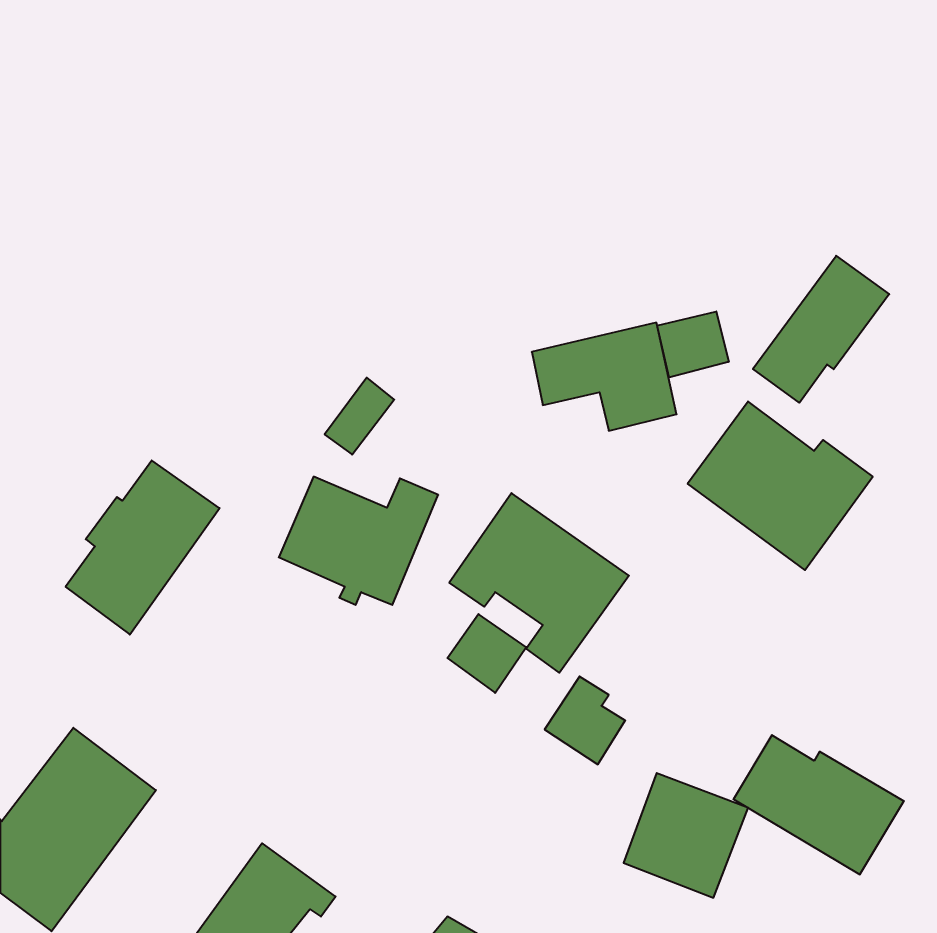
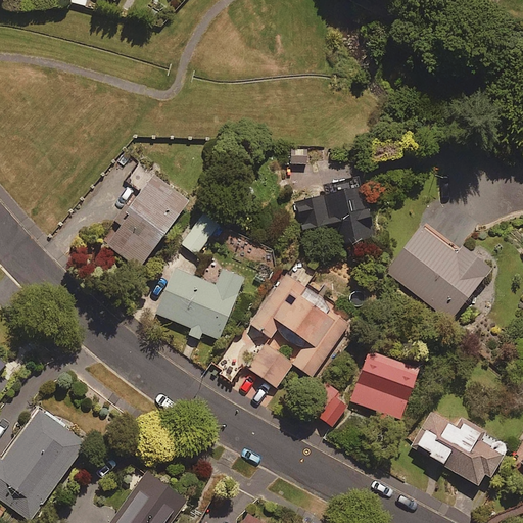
building: [753,256,889,403] -> none
building: [657,311,729,377] -> none
building: [66,460,220,635] -> [103,172,189,269]
building: [624,773,748,898] -> [349,350,419,420]

